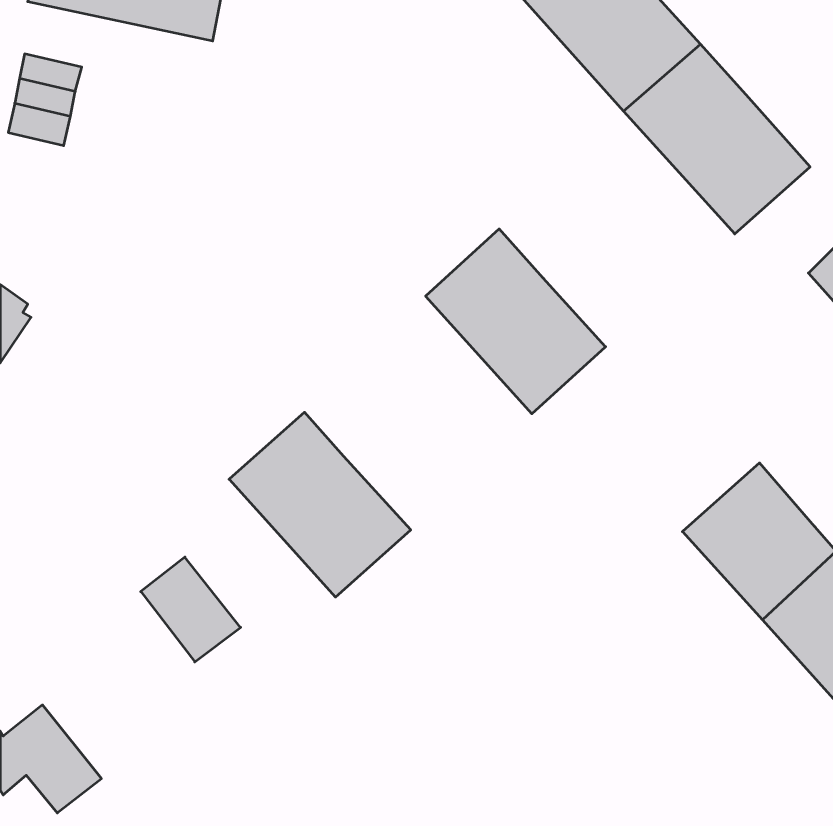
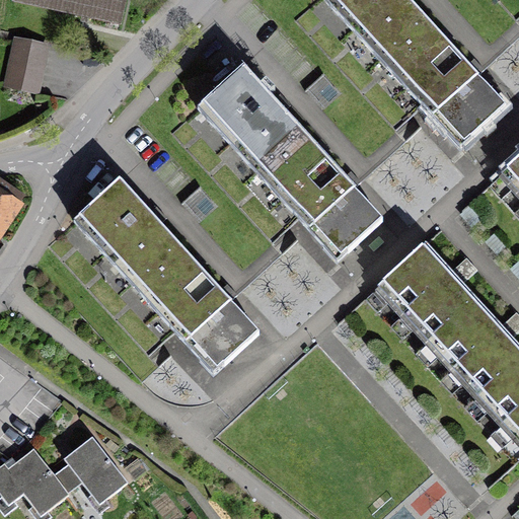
building: none -> [196,66,311,183]
building: none -> [74,178,191,297]
building: none -> [385,242,472,329]
building: [141,557,241,662] -> [60,426,122,491]

